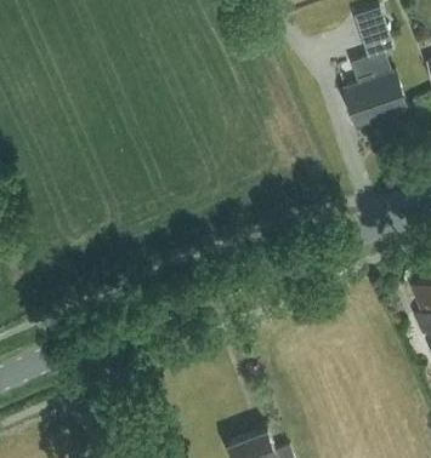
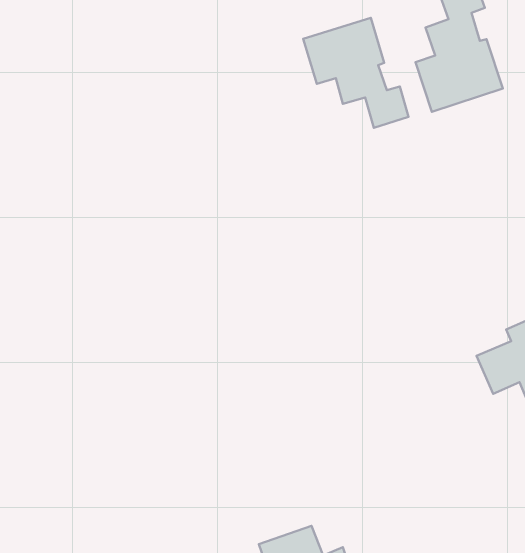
building: none -> [303,18,408,128]

